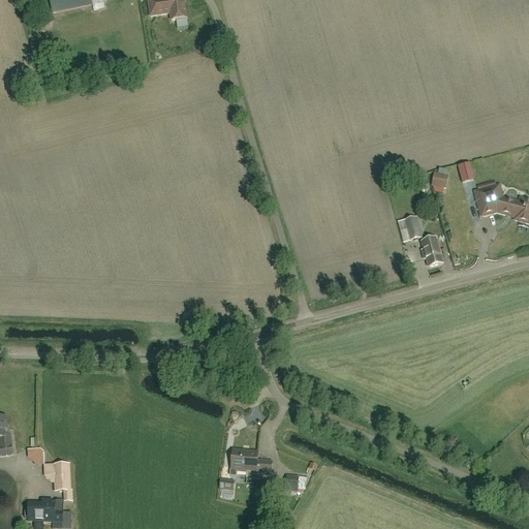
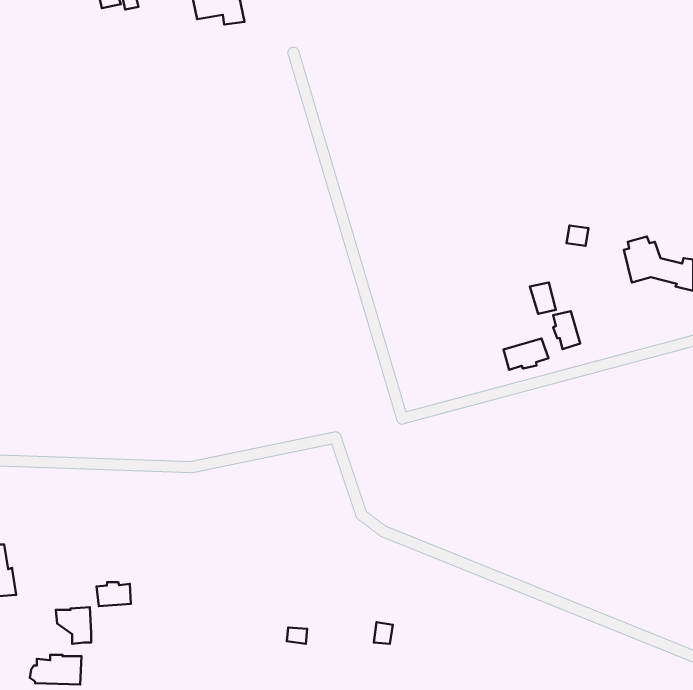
building: none -> [504,338,549,370]
building: none -> [96,582,131,606]
building: [230,447,272,474] -> none

